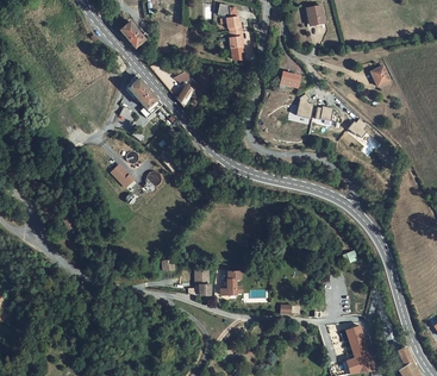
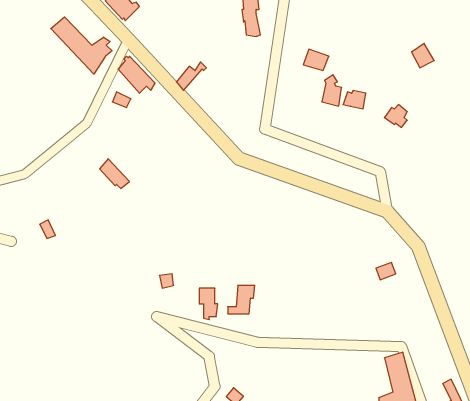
building: none -> [51,17,112,74]

